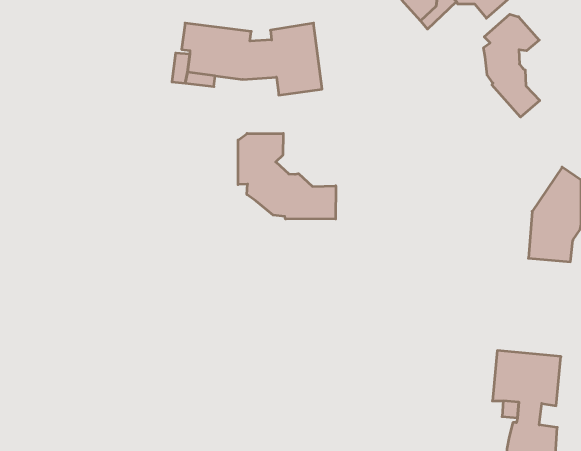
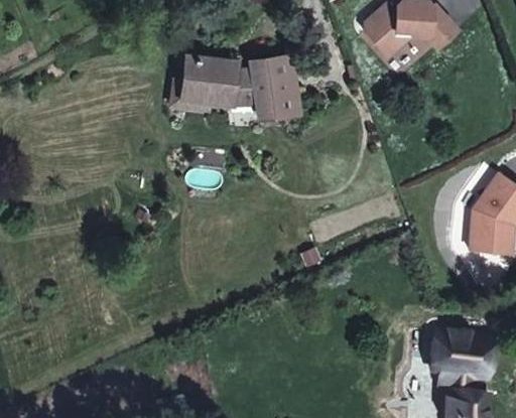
building: [484,14,540,117] -> none
building: [238,133,336,219] -> none

